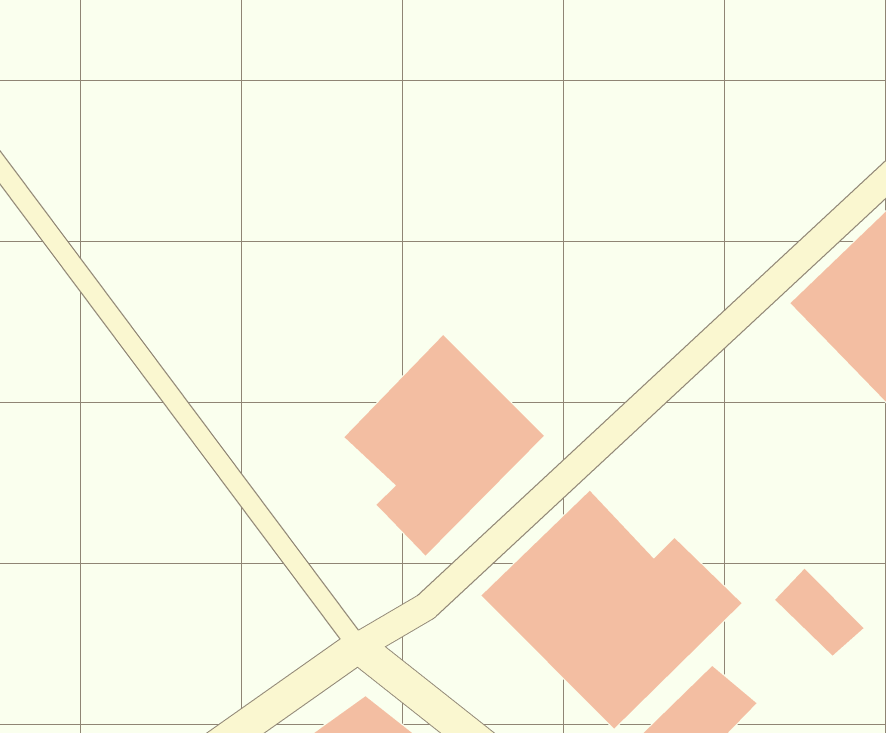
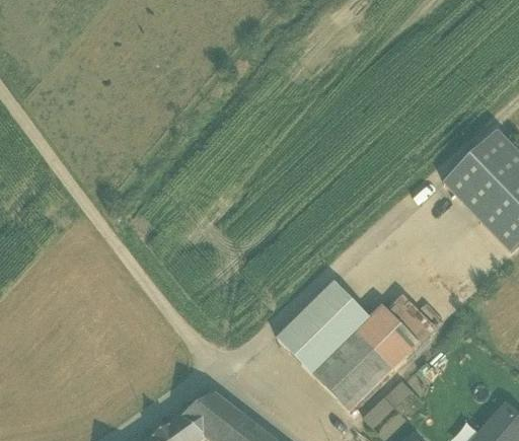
building: [343,334,545,557] -> none
building: [774,568,865,656] -> [386,295,435,343]

